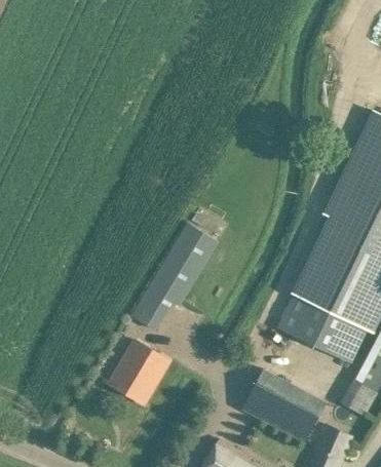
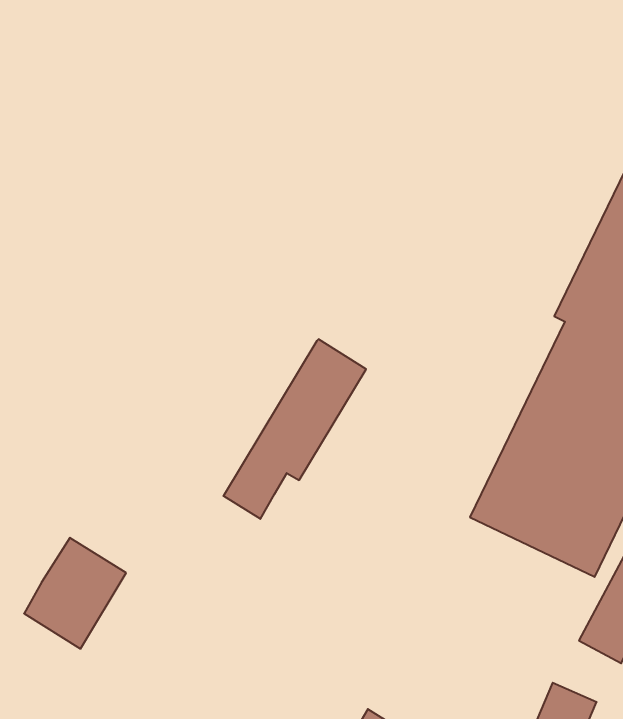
building: [109,339,168,403] -> [24,538,126,649]
building: [242,368,327,441] -> none

